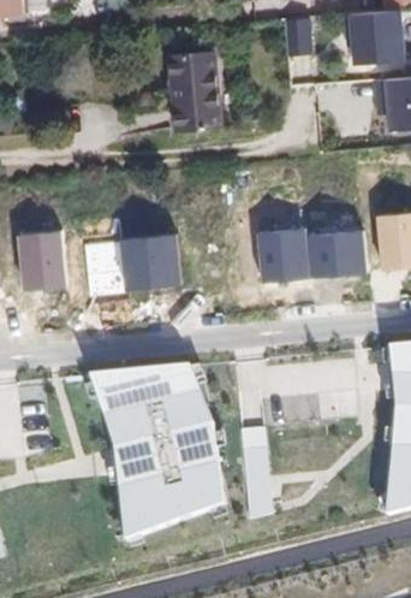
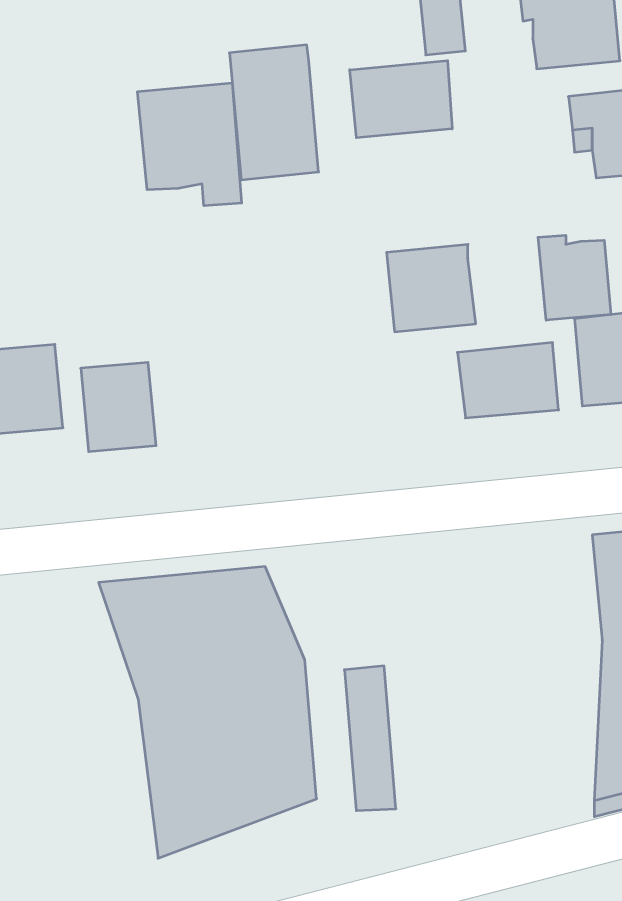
building: none -> [350,61,452,138]
building: none -> [138,83,242,206]
building: none -> [538,235,611,320]
building: [257,227,311,280] -> [387,244,476,332]
building: [136,235,181,289] -> none

